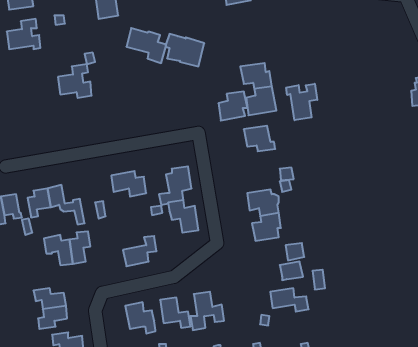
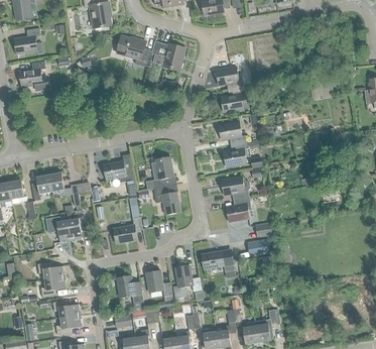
building: [58,64,92,98] -> [18,60,47,89]
building: [286,84,317,120] -> none
building: [218,92,247,121] -> [224,140,249,165]
building: [270,288,309,312] -> [202,250,235,270]

